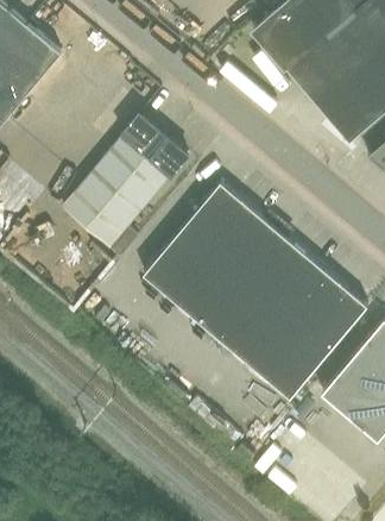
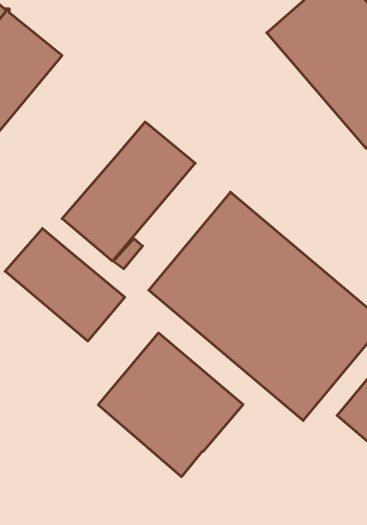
building: none -> [5,228,125,341]
building: none -> [98,333,243,477]

